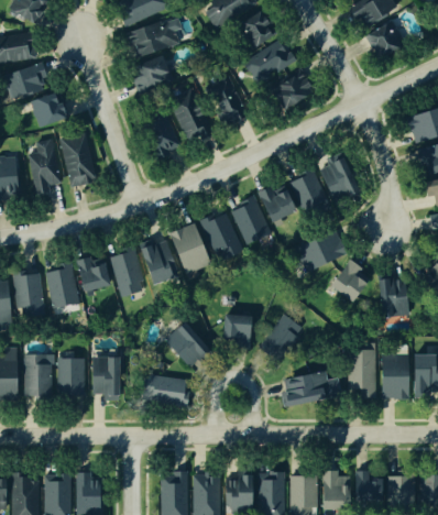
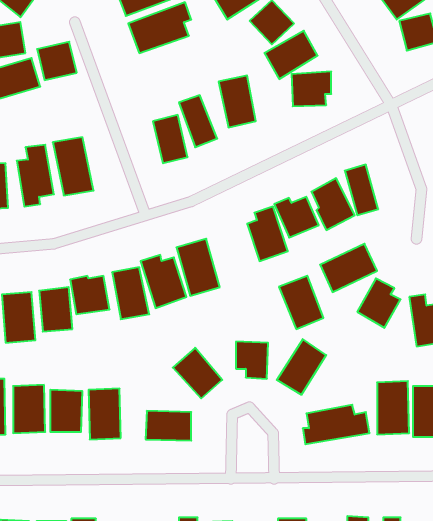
building: [129,54,173,94] -> none
building: [31,91,66,125] -> [37,42,77,80]
building: [200,209,240,256] -> [279,276,323,329]

